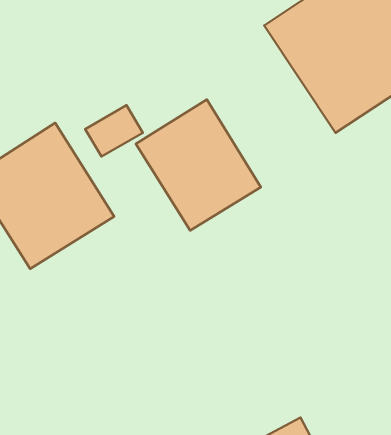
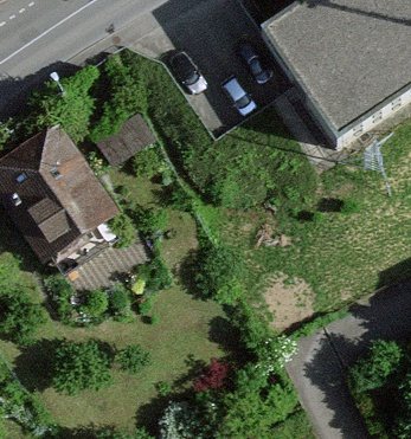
building: [136,99,261,230] -> none

